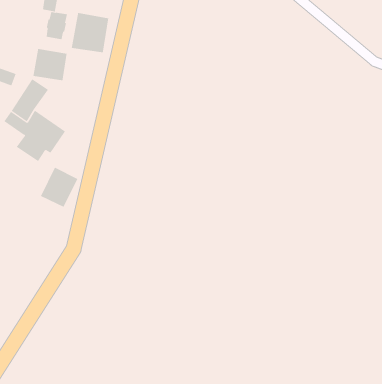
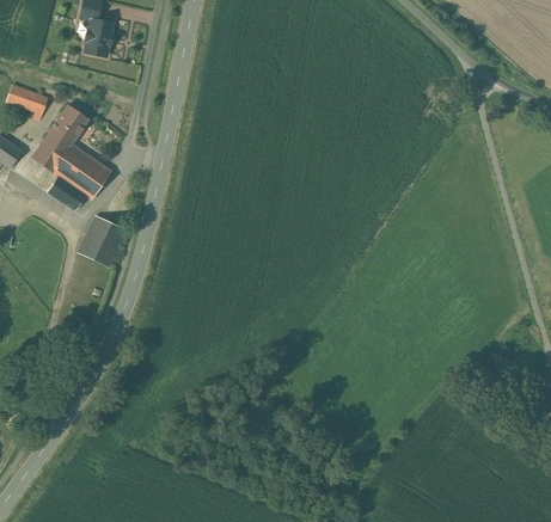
building: [71,12,109,53] -> none
building: [33,48,67,81] -> none

